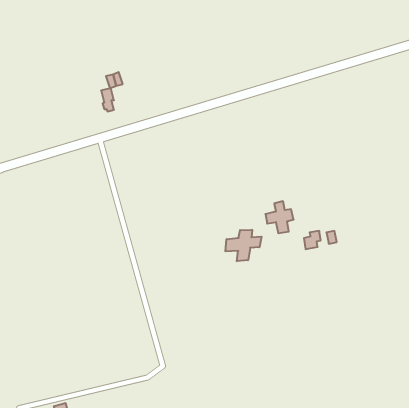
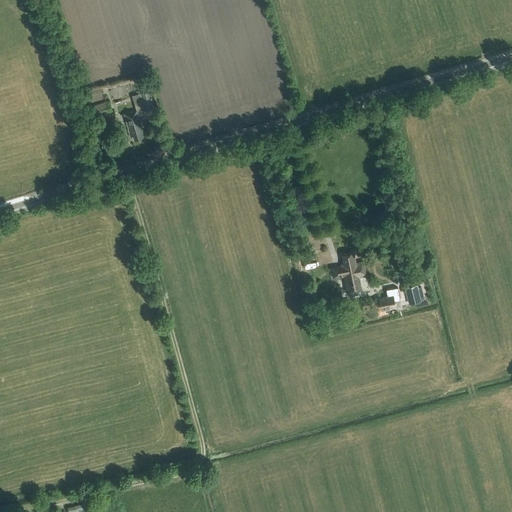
building: [225,230,262,261] -> none

